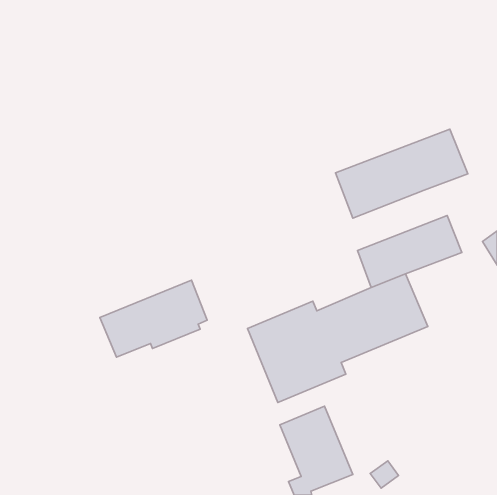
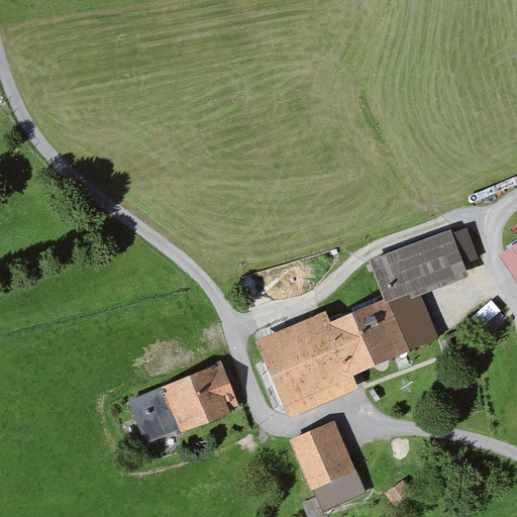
building: [336,129,468,218] -> none
building: [100,280,207,357] -> [126,361,237,441]

